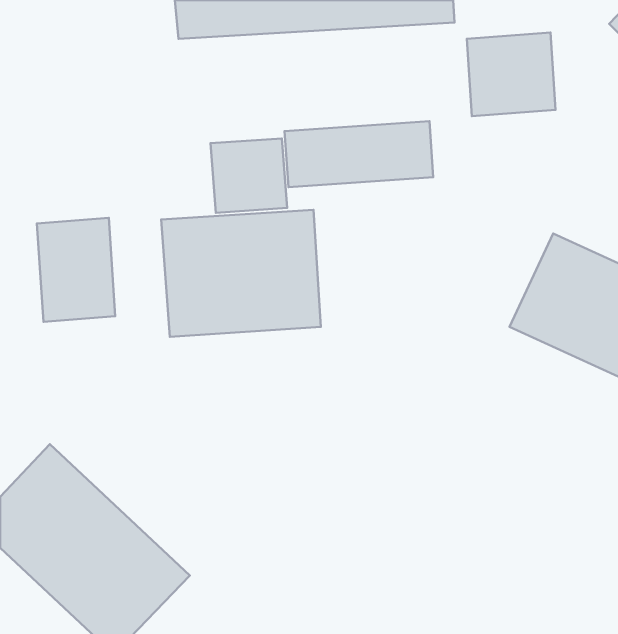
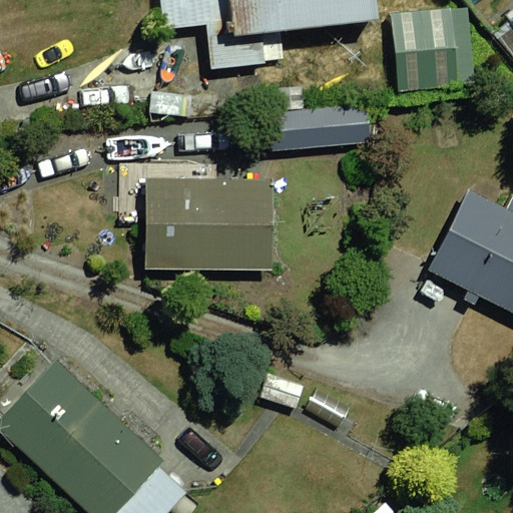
building: [210,138,287,213] -> none
building: [37,218,115,322] -> none

